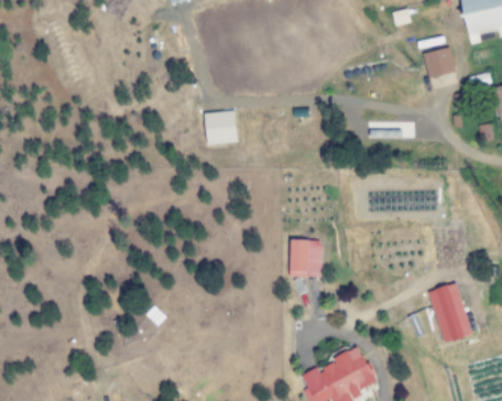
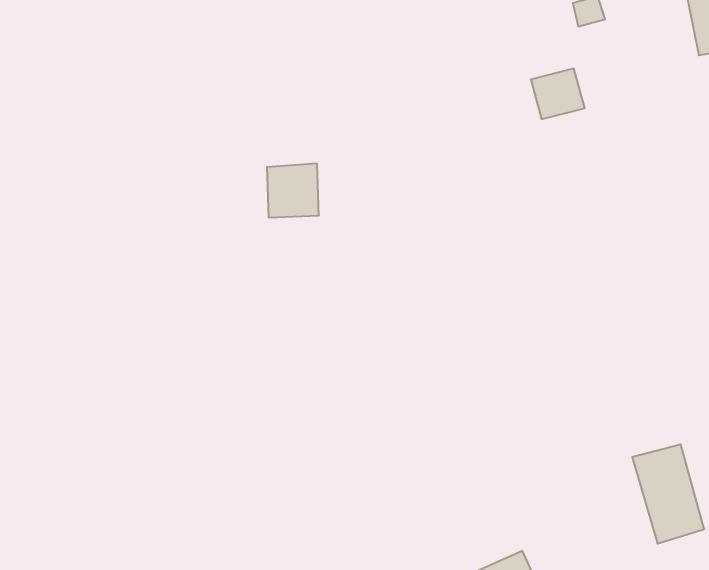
building: [423,46,456,77] -> [531,69,585,119]
building: [290,239,323,277] -> none

